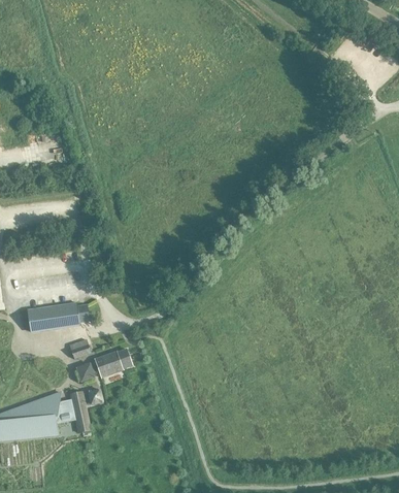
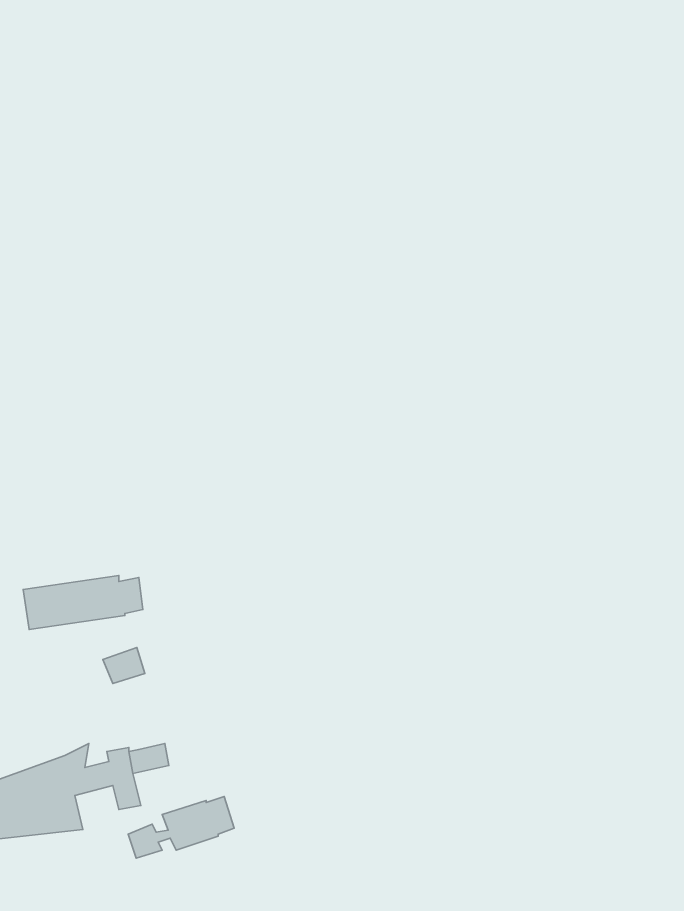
building: [76,350,131,382] -> [128,796,234,858]

